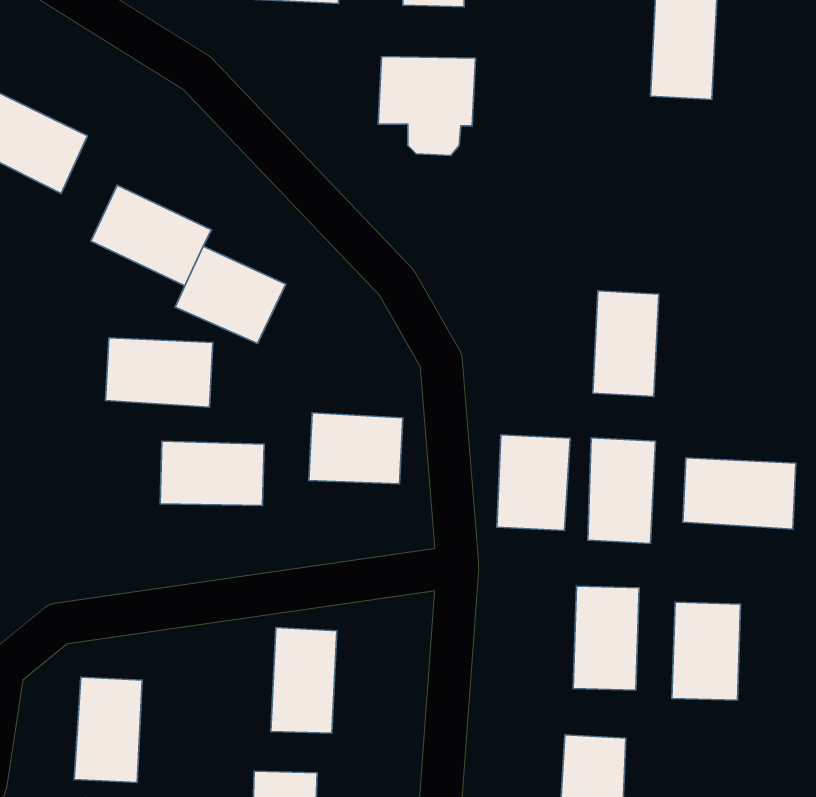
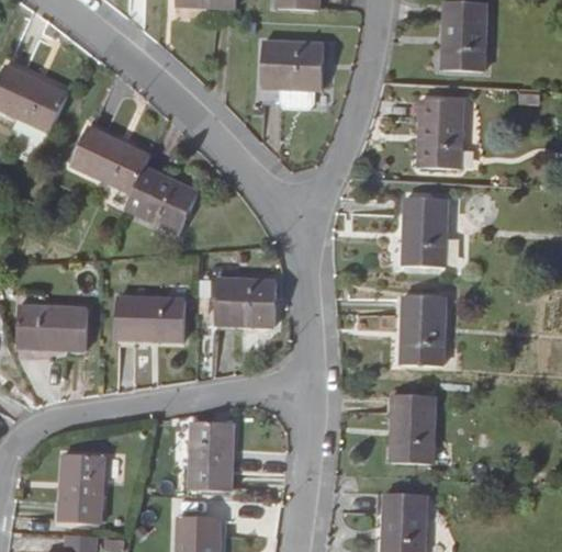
building: none -> [417,99,461,168]
building: [105,338,213,407] -> [15,305,87,351]
building: [497,435,570,530] -> none
building: [683,458,796,529] -> none
building: [672,602,741,700] -> none

